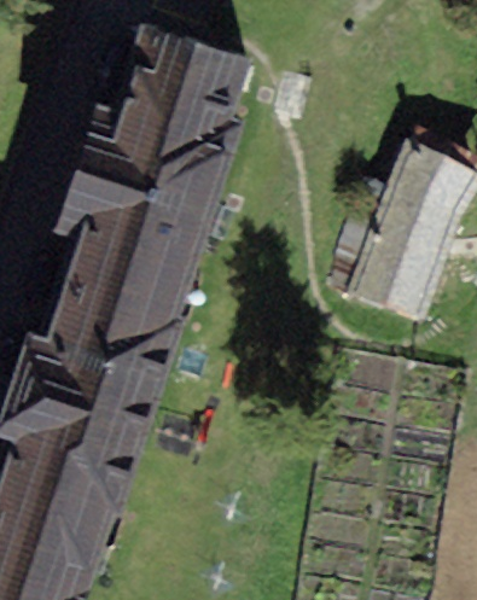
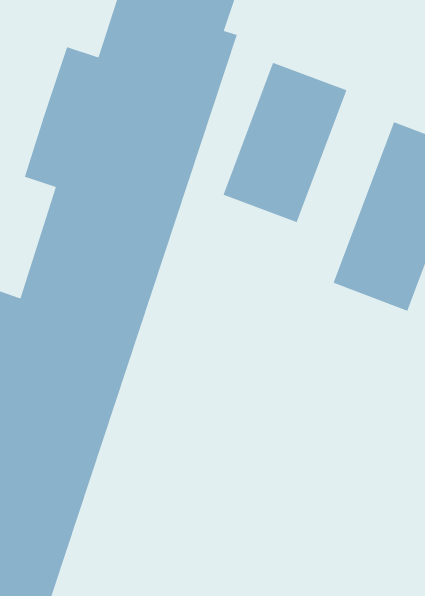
building: none -> [222,62,347,223]

